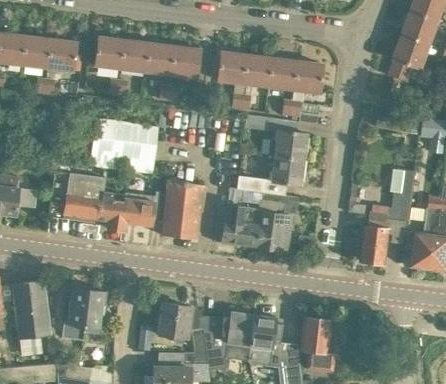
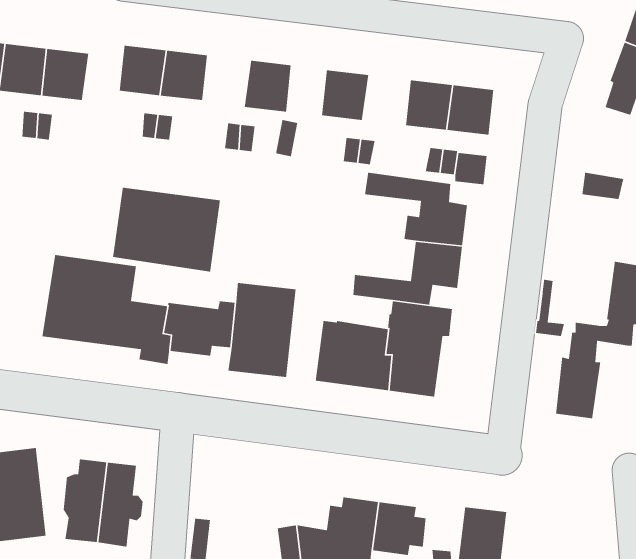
building: [146,43,175,75] -> none
building: [243,55,272,86] -> none
building: [159,304,191,343] -> none

